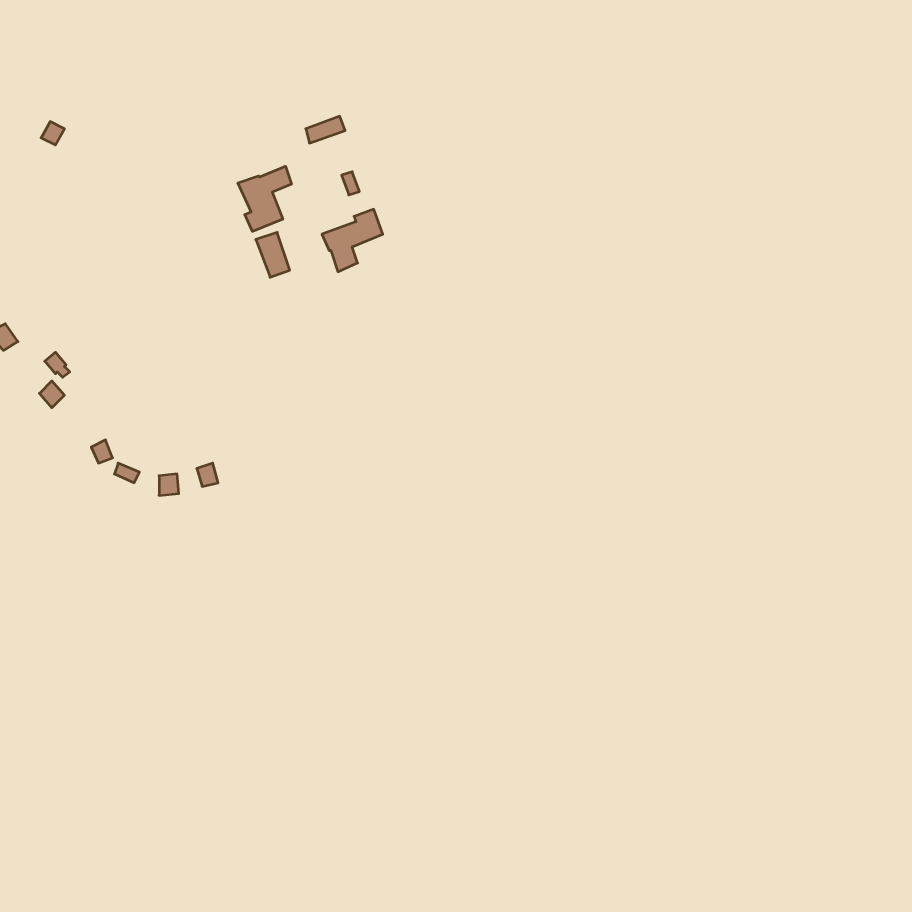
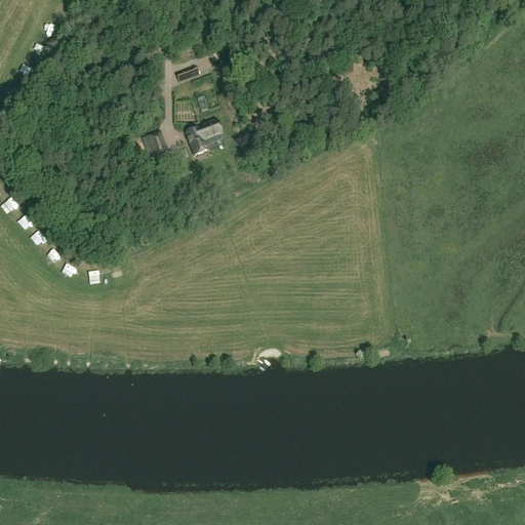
building: [238,166,291,231] -> none

